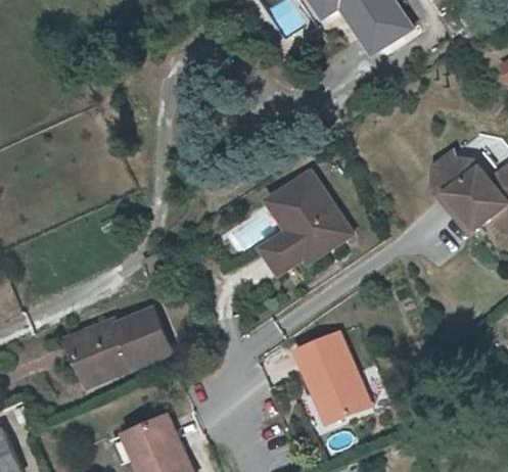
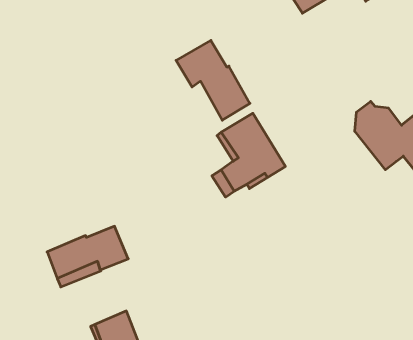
building: none -> [176,40,250,120]
building: [293,333,366,424] -> none

